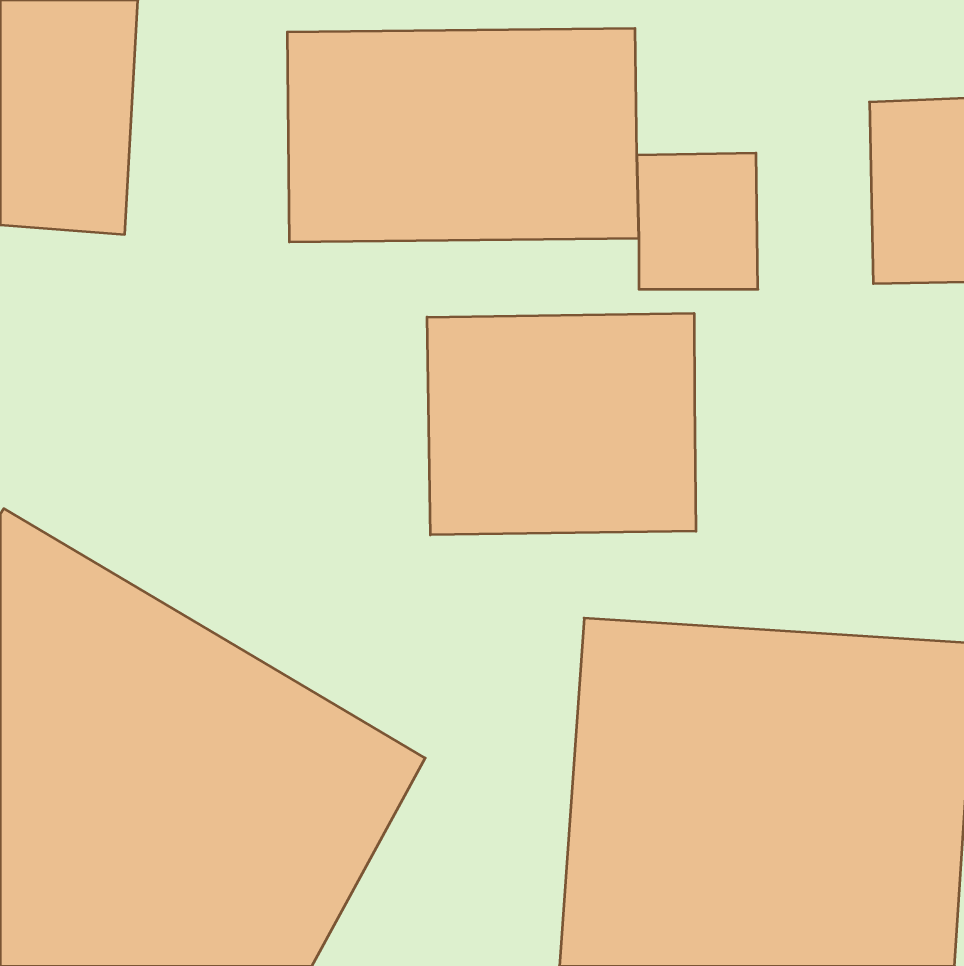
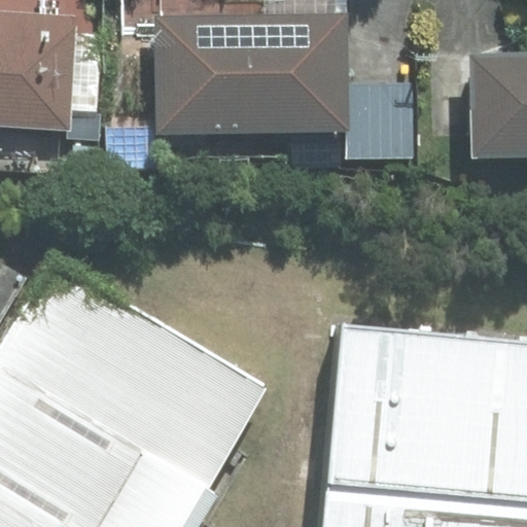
building: [427,313,696,535] -> none

